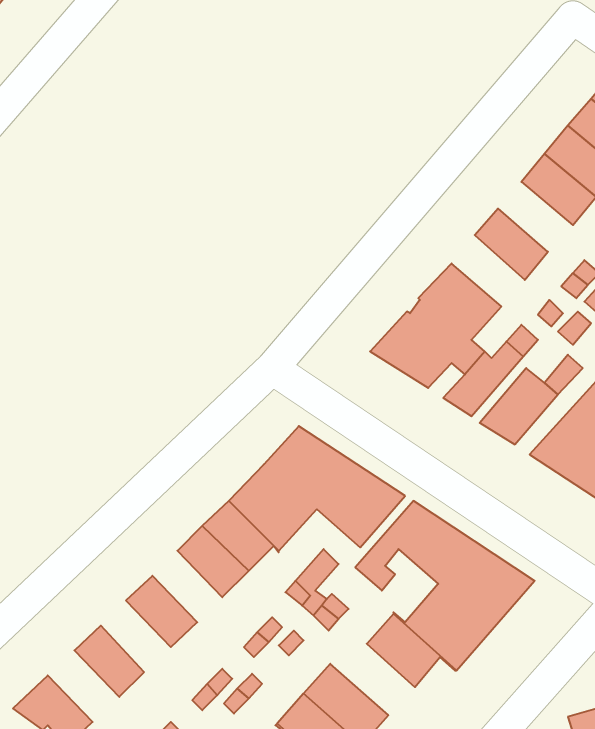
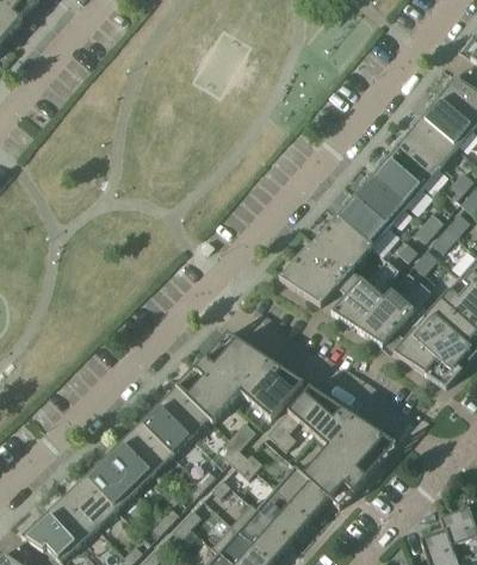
building: none -> [371,157,425,207]
building: none -> [337,195,390,247]
building: none -> [123,422,173,473]
building: none -> [86,458,136,509]
building: none -> [250,489,311,540]
building: none -> [48,493,99,545]

